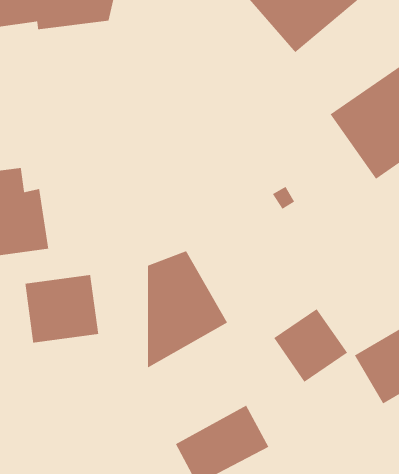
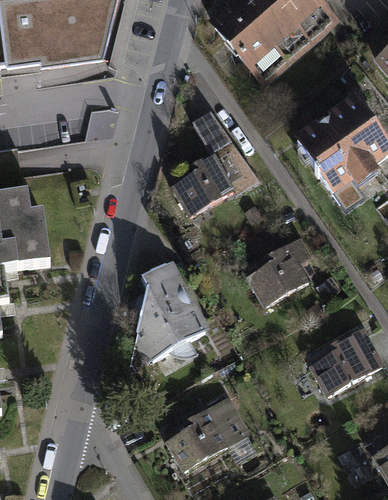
building: none -> [170,112,260,216]
building: [24,274,99,344] -> none
building: [273,308,348,383] -> [247,238,312,303]

